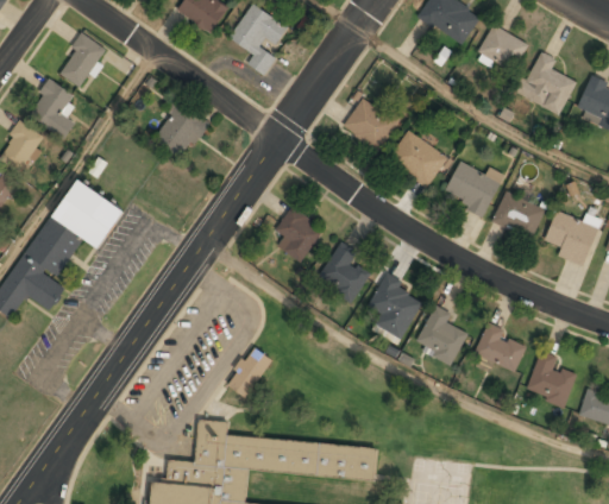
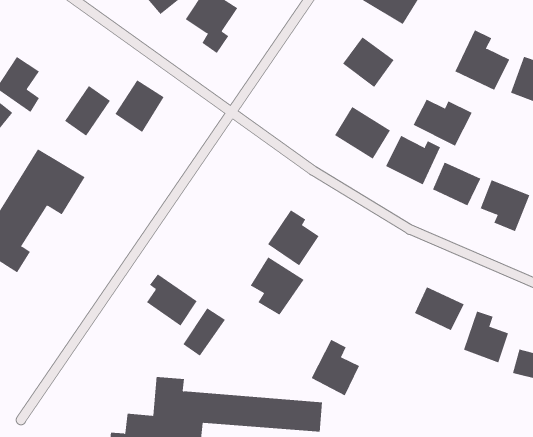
building: [479,27,528,70] -> none
building: [57,32,107,87] -> [64,85,111,136]
building: [344,97,400,152] -> [342,37,394,88]
building: none -> [413,99,472,146]
building: [275,207,325,264] -> none
building: [368,276,426,339] -> [250,257,304,316]
building: [415,305,467,366] -> [311,339,360,396]
building: none -> [146,274,198,326]

